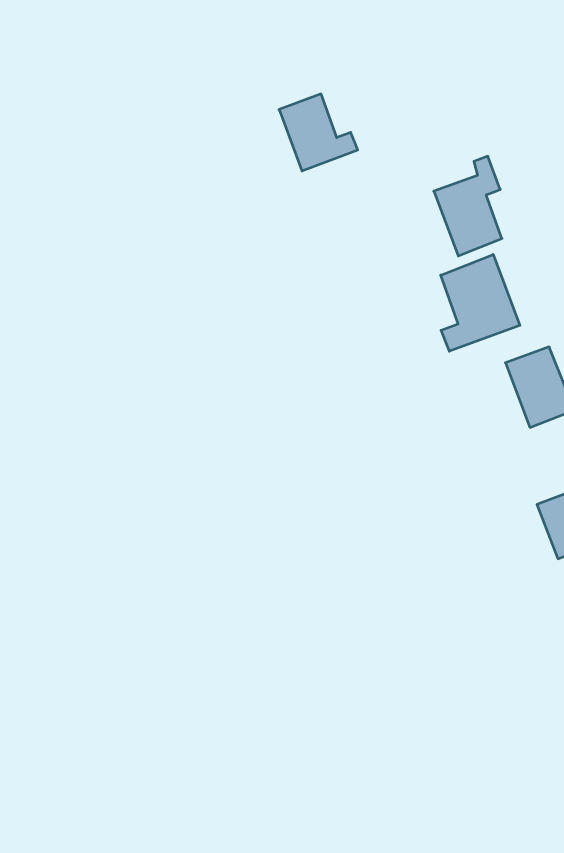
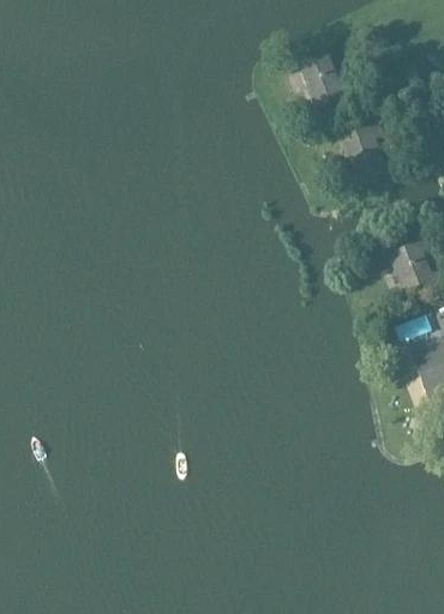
building: [279,94,358,171] -> [300,55,354,108]
building: [441,254,520,351] -> none

